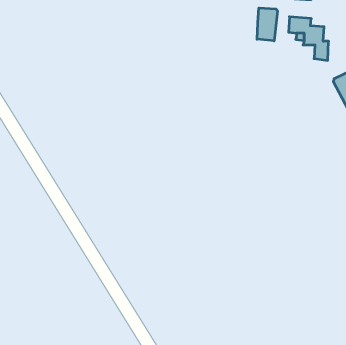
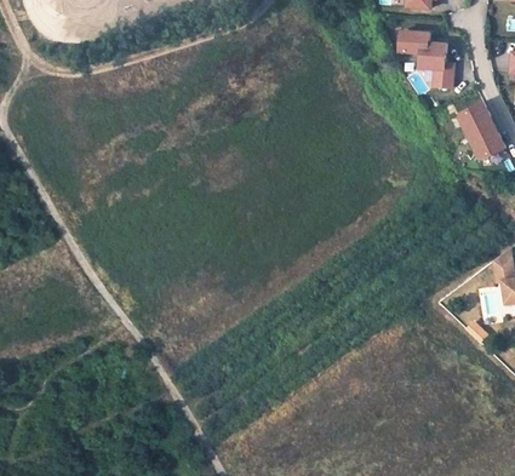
building: [257,8,277,41] -> none

